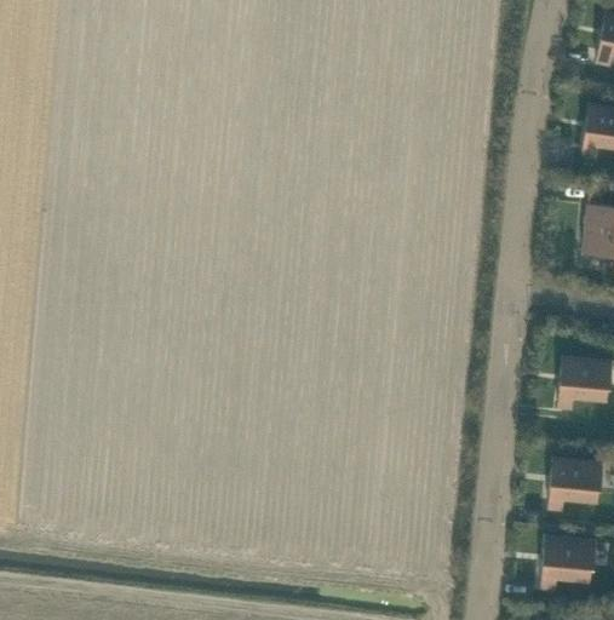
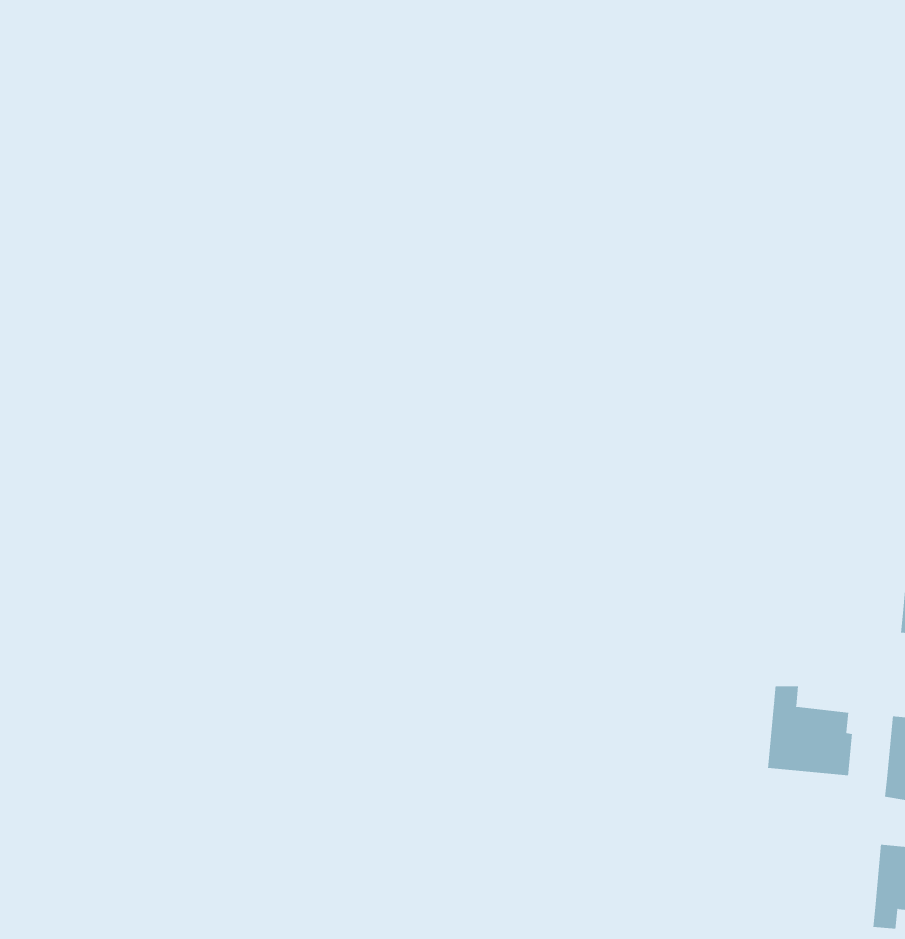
building: none -> [767,685,853,776]

